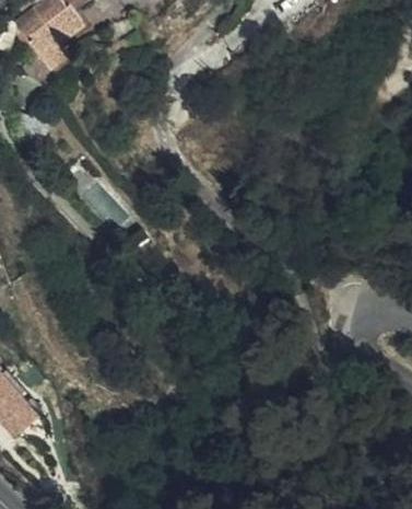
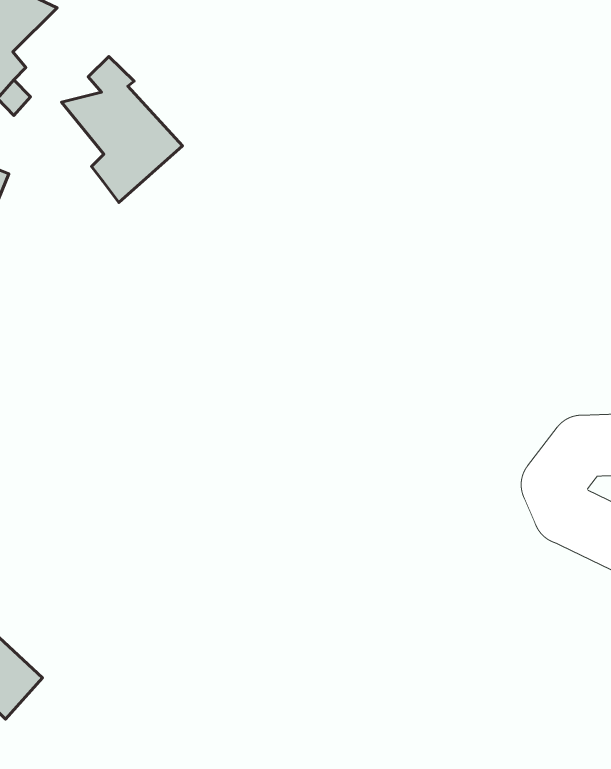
building: none -> [61,57,182,203]

